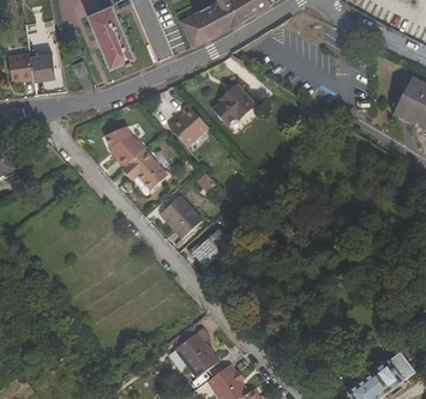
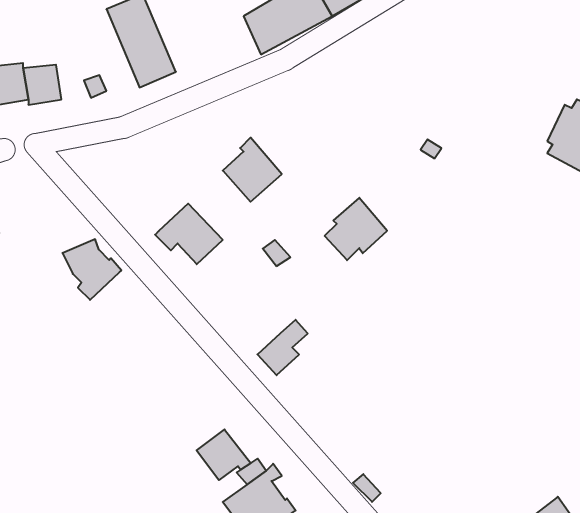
building: [212,84,256,127] -> [325,198,387,260]
building: [104,127,145,169] -> [62,239,121,300]
building: [161,197,203,240] -> none
building: none -> [197,429,251,480]

